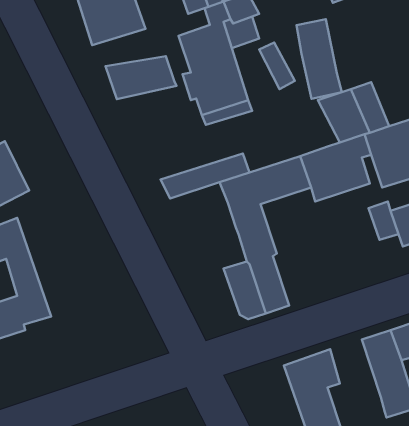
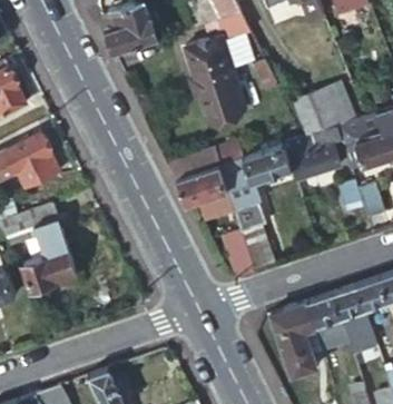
building: [297,19,342,99] -> none
building: [105,56,177,99] -> none
building: none -> [176,165,233,215]
building: none -> [307,293,348,348]

